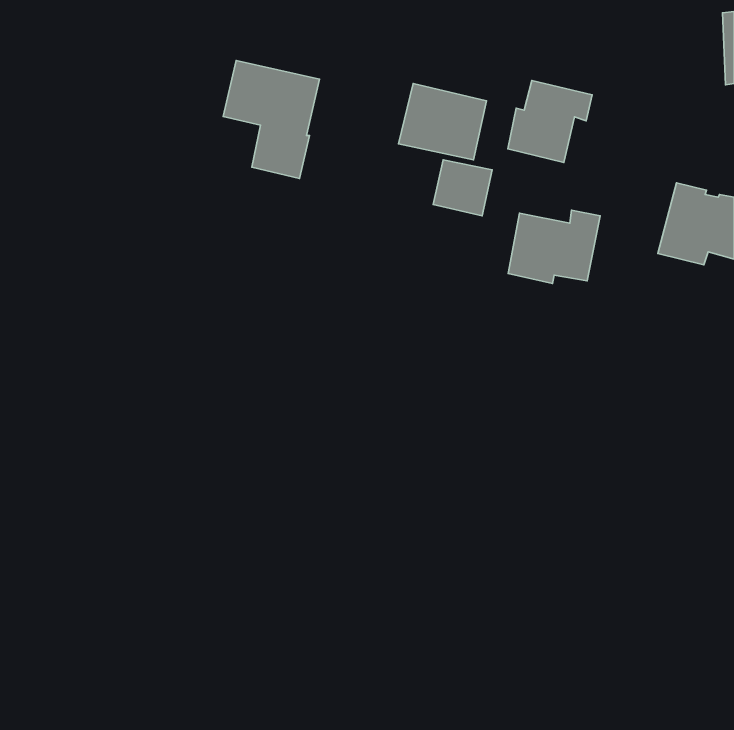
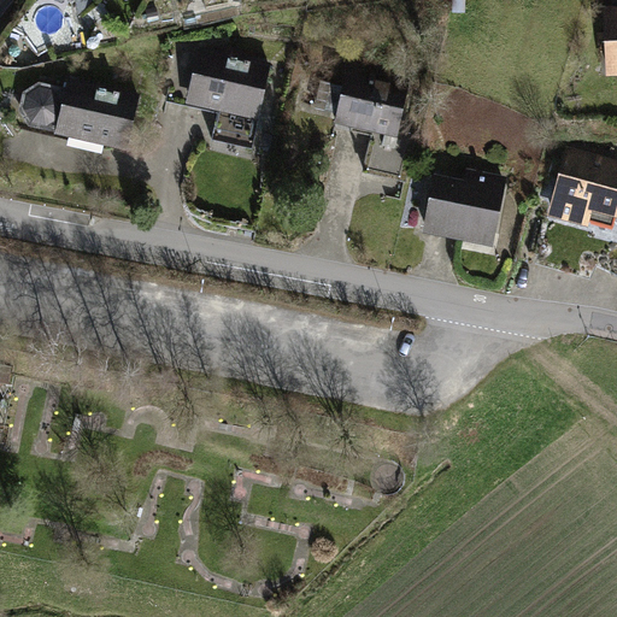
building: [508,81,592,162] -> none
building: none -> [23,86,137,149]

